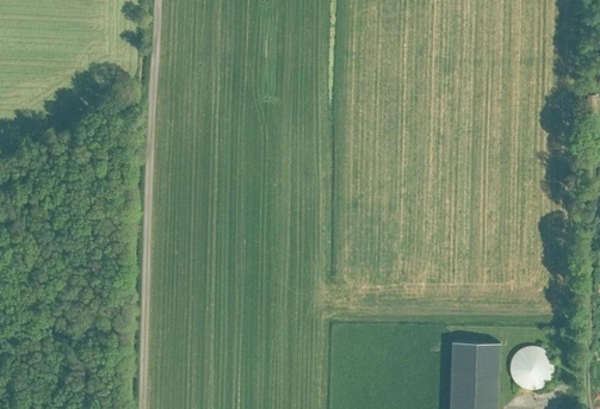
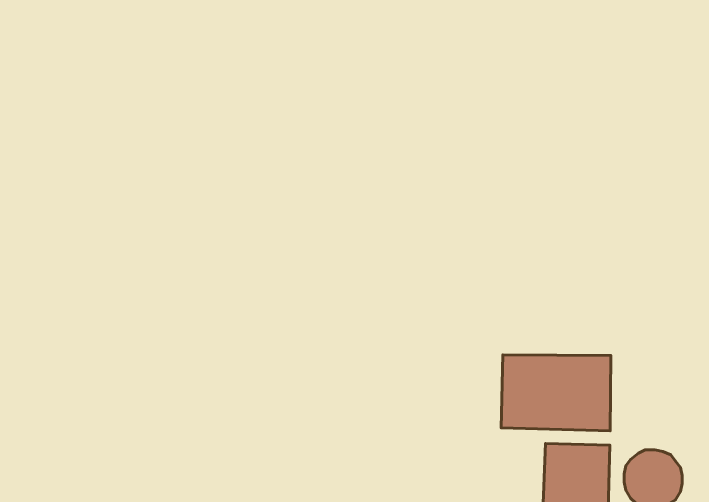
building: none -> [501,355,611,431]

